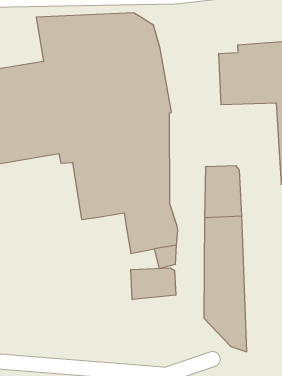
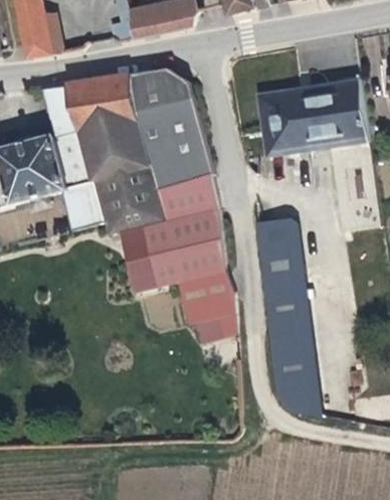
building: none -> [43,81,77,134]
building: [131,268,176,300] -> none

